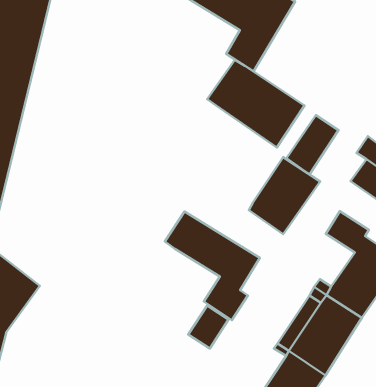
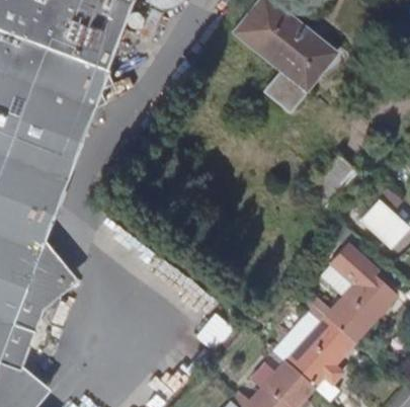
building: [207,60,305,148] -> none
building: [249,157,320,234] -> none
building: [165,212,260,320] -> none

